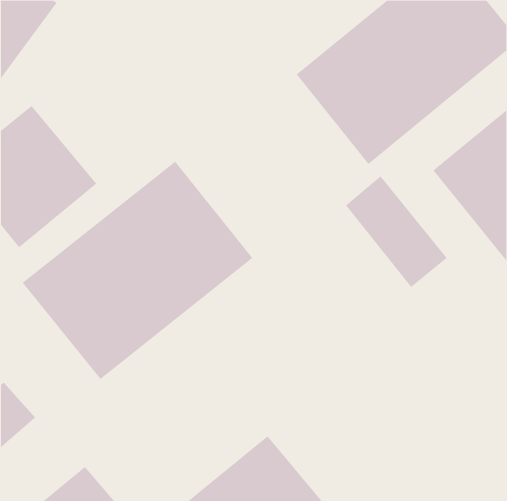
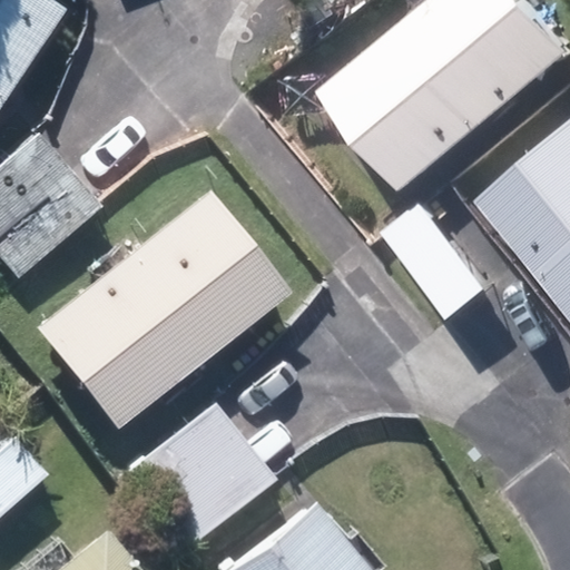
building: none -> [124,400,273,547]

